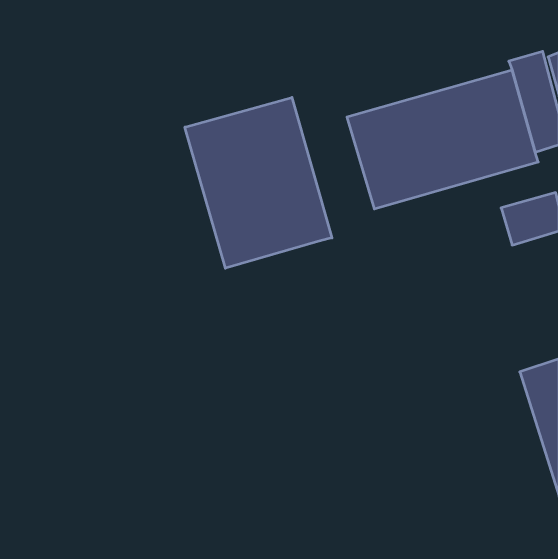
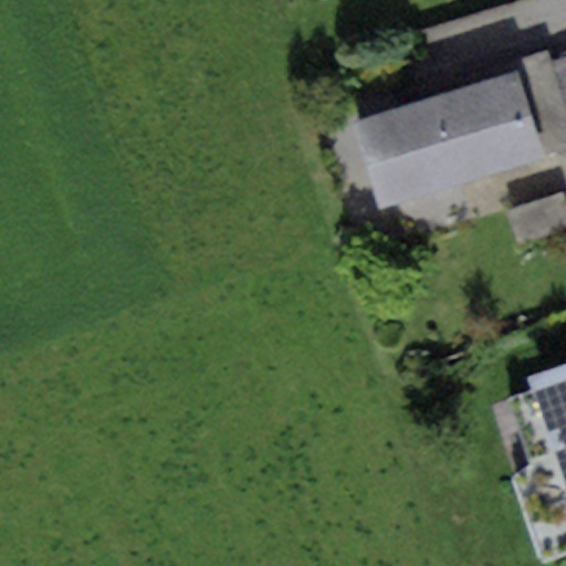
building: [185,97,332,268] -> none

